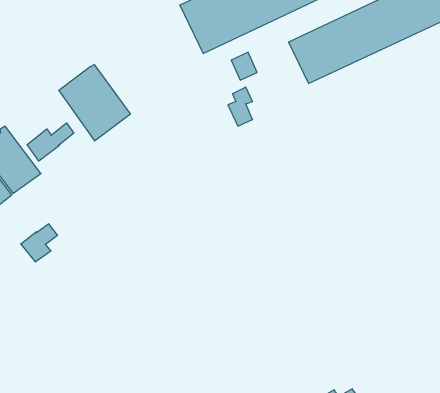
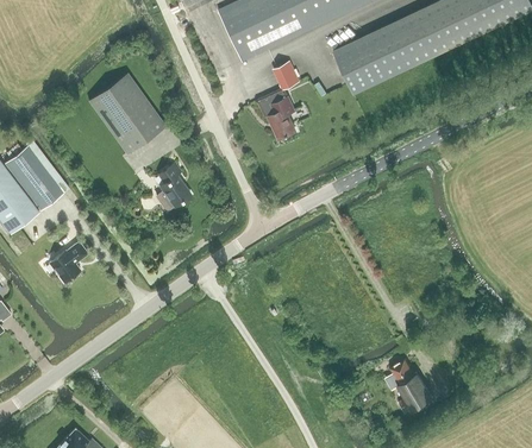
building: [27,123,74,161] -> none
building: none -> [155,163,190,208]
building: none -> [393,359,432,412]

